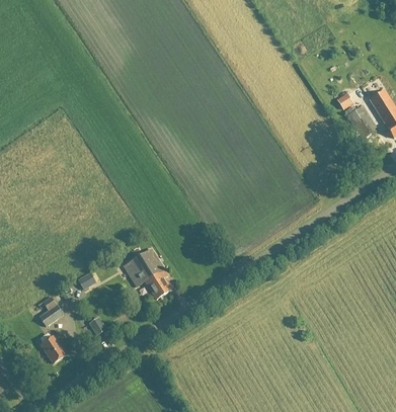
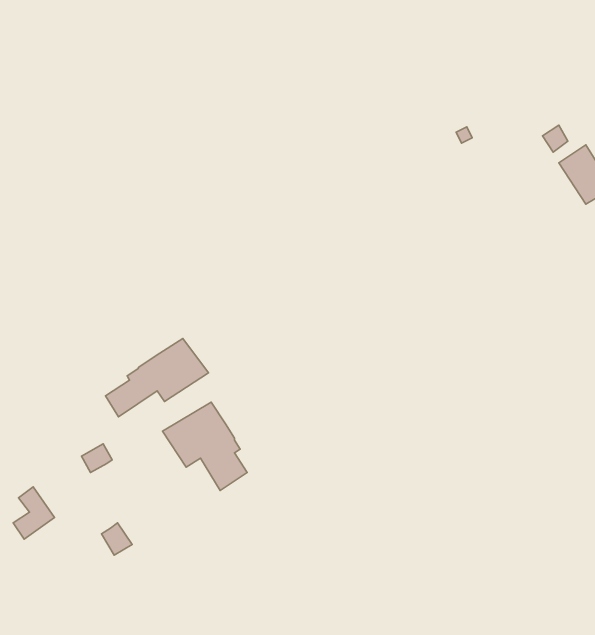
building: none -> [106,338,209,417]
building: [39,335,66,362] -> none

